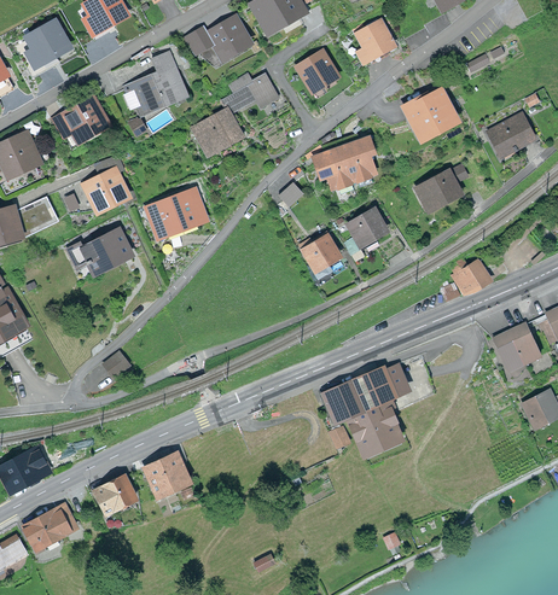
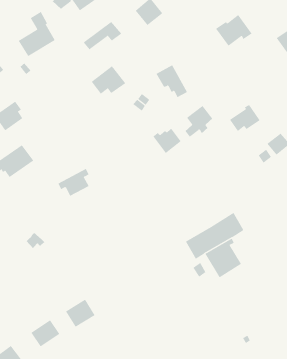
building: [193,109,242,147] -> [91,66,126,94]
building: [341,138,373,188] -> none
building: [417,169,460,205] -> [229,104,261,132]
building: [151,193,197,229] -> [57,168,90,197]

